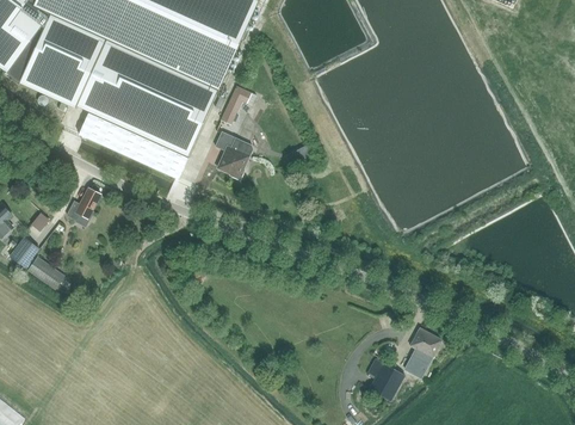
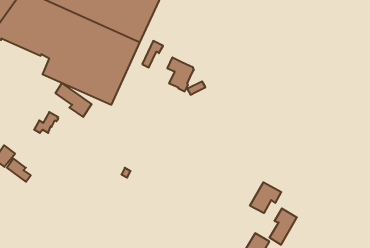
building: [215,130,253,179] -> [167,57,194,91]
building: none -> [56,83,92,117]
building: none -> [250,182,281,213]

